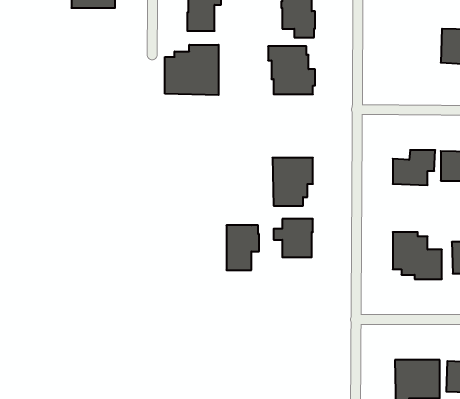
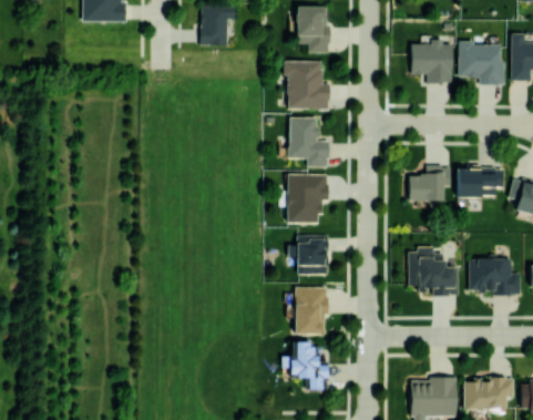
building: none -> [412,43,452,84]
building: [165,45,219,95] -> none
building: none -> [289,117,329,167]
building: [226,225,259,270] -> [295,288,328,334]
building: none -> [281,342,328,389]

